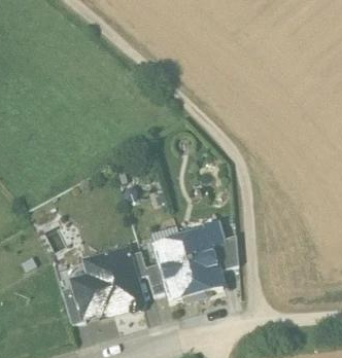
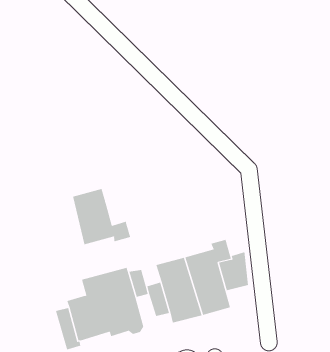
building: none -> [72,188,131,245]

